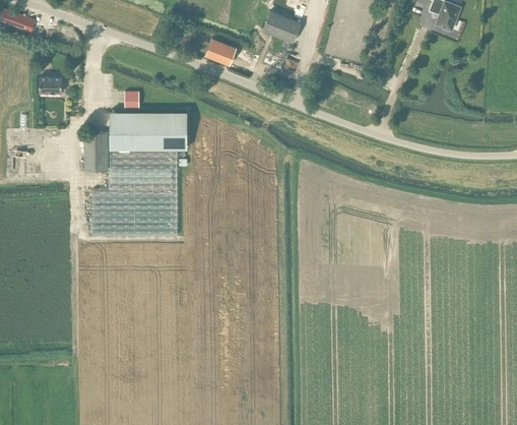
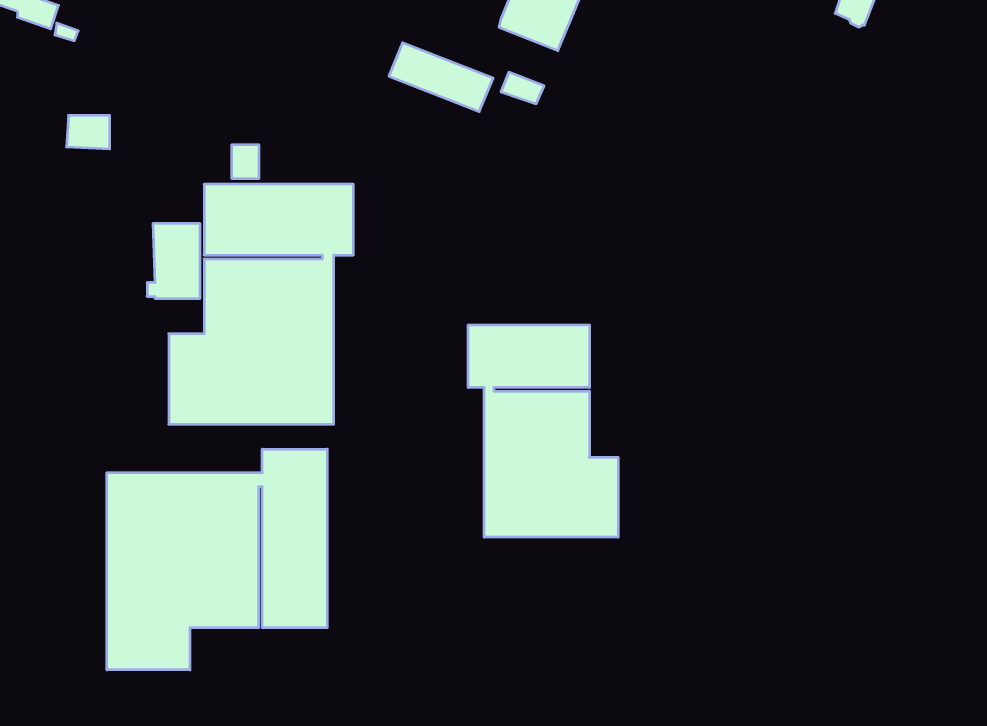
building: none -> [468,325,618,537]
building: none -> [107,449,327,670]

